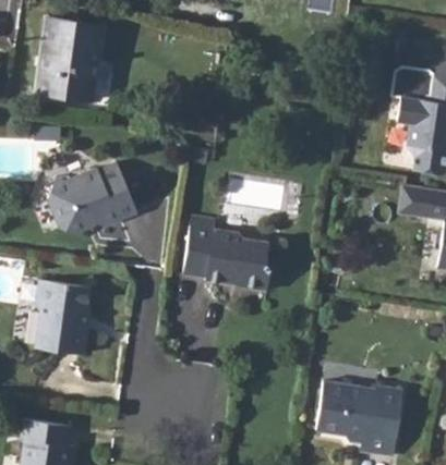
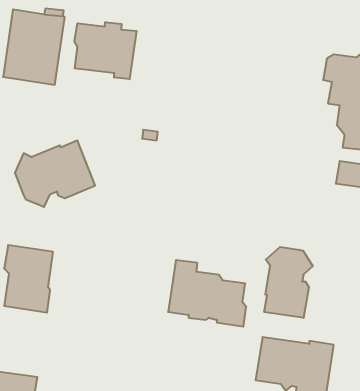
building: none -> [75,22,137,79]
building: [182,216,269,290] -> [168,260,246,327]
building: none -> [264,247,313,318]

